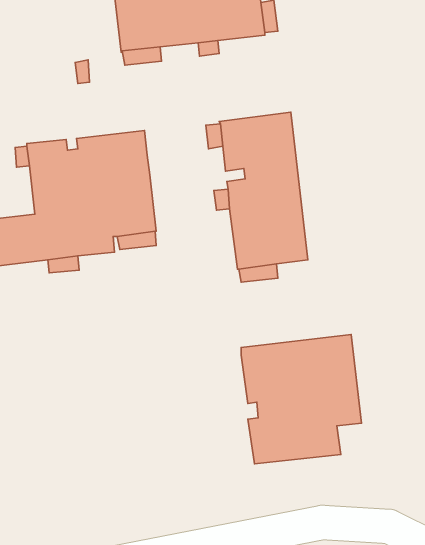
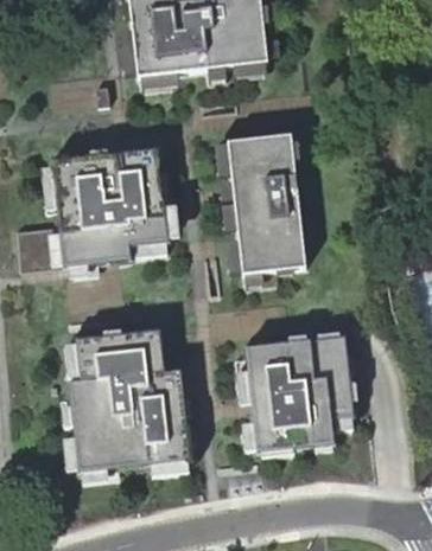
building: none -> [68,331,190,472]

